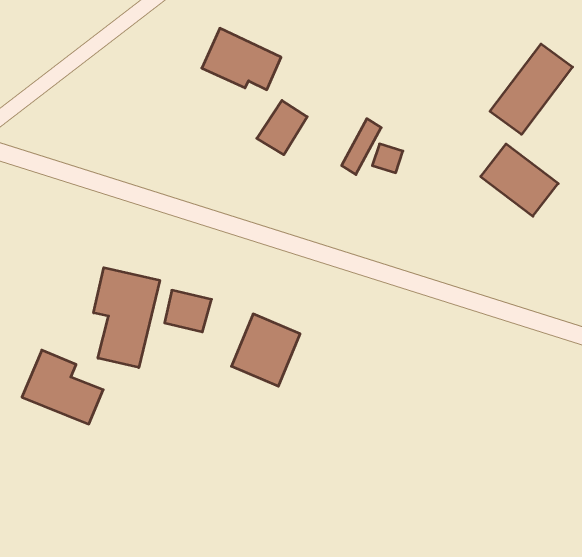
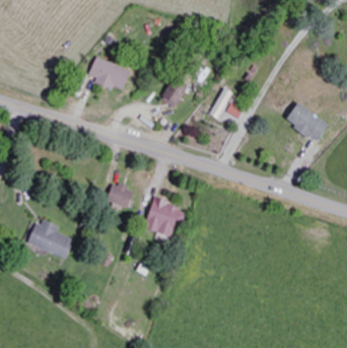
building: [202,28,281,90] -> [86,57,131,91]
building: [490,44,573,134] -> none
building: [94,268,160,368] -> none

